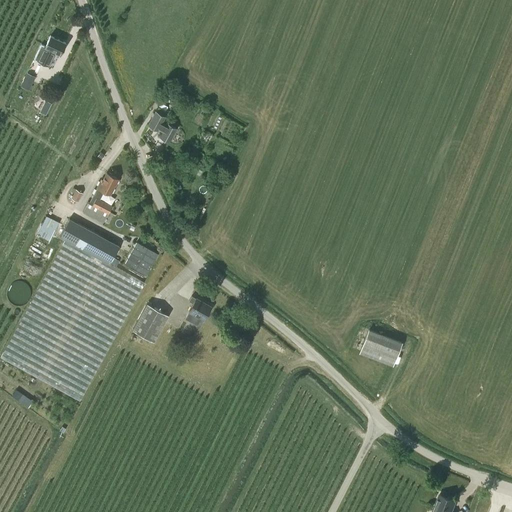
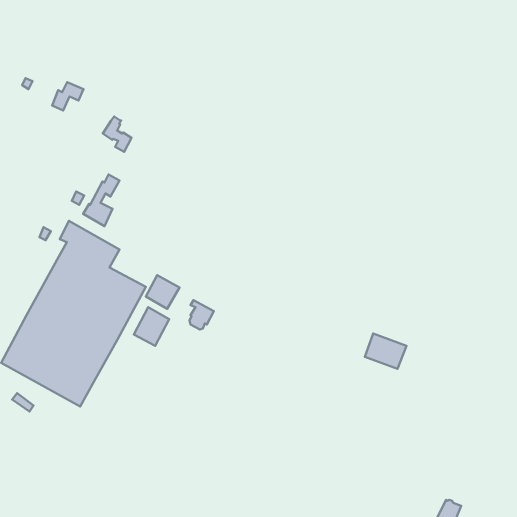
building: [35,37,66,65] -> [52,82,84,111]
building: [149,109,177,144] -> [103,116,131,152]
building: [125,243,158,276] -> [146,275,179,309]

